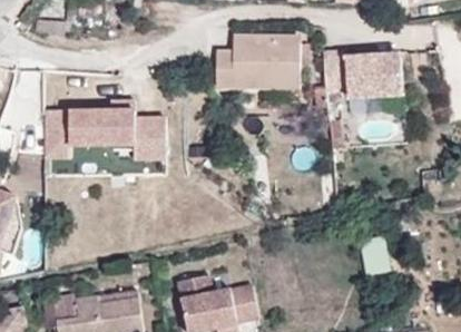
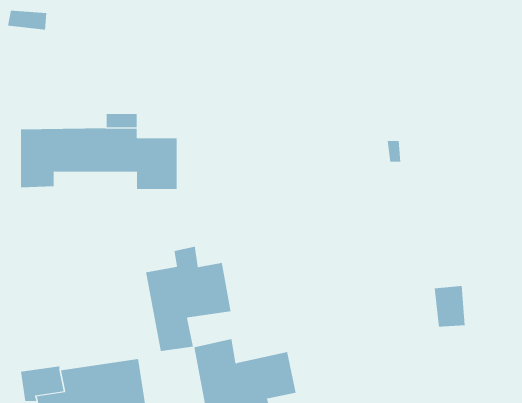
building: [216,36,298,86] -> none
building: [322,51,402,97] -> none
building: none -> [145,246,231,352]

